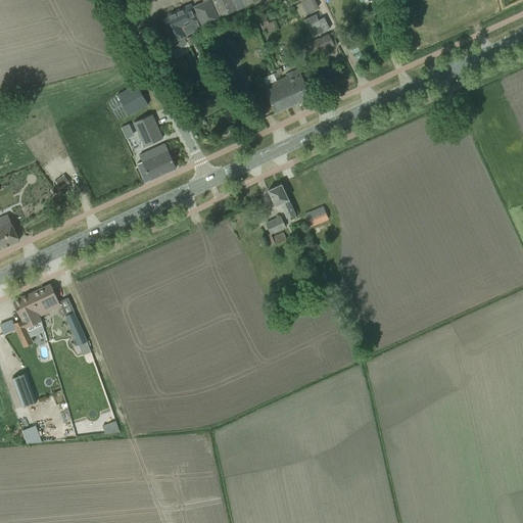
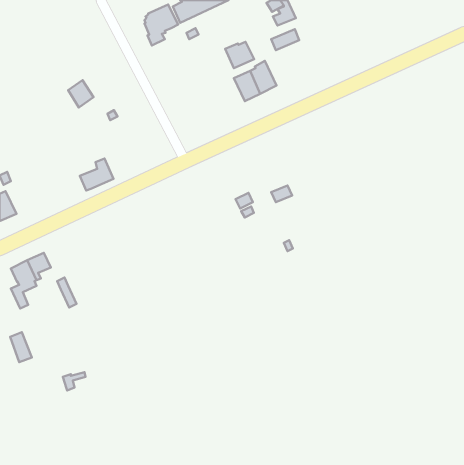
building: none -> [225,42,254,68]
building: [117,85,146,115] -> [68,80,94,107]
building: [133,114,161,146] -> none
building: [137,145,175,181] -> [80,159,114,191]
building: [267,184,294,218] -> none

